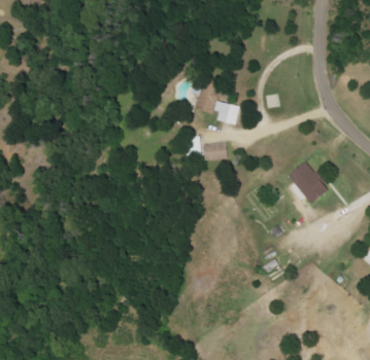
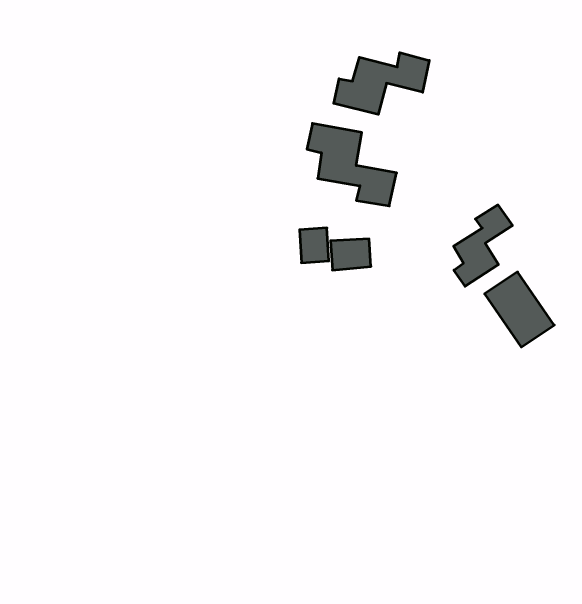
building: none -> [334,53,429,114]
building: none -> [454,205,512,286]

